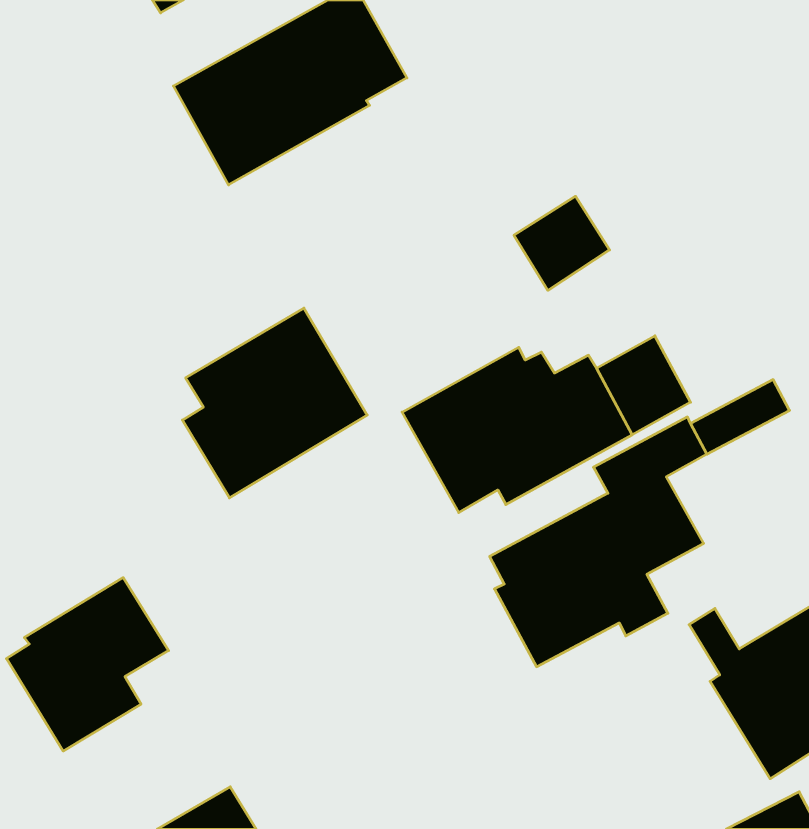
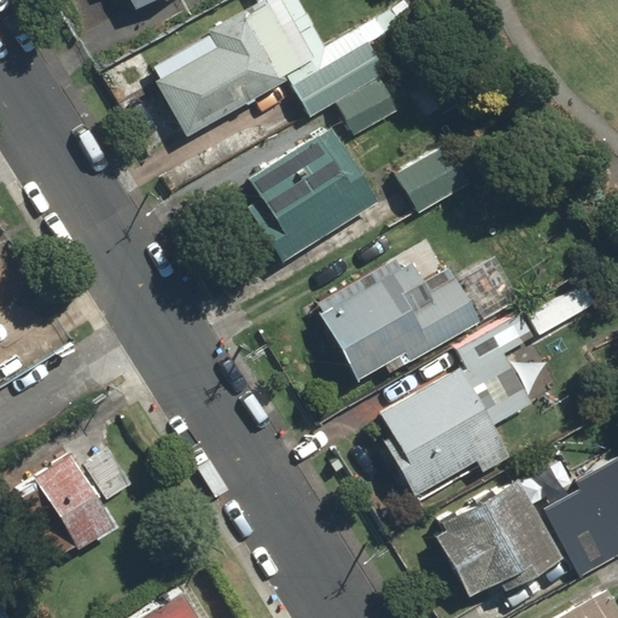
building: none -> [291,40,410,140]
building: [182,308,367,498] -> [245,123,383,264]
building: none -> [431,477,565,608]

